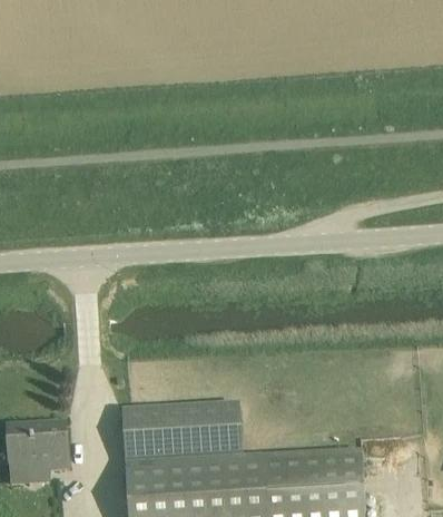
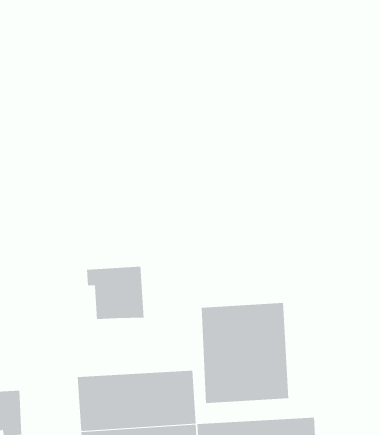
building: none -> [87,266,144,320]
building: none -> [201,302,289,404]

